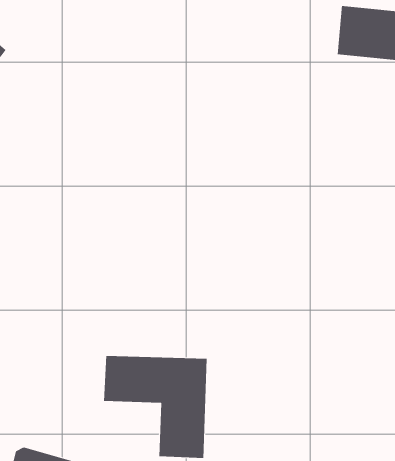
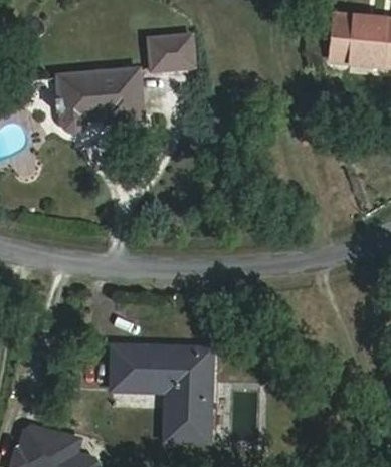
building: none -> [150,36,193,70]
building: none -> [59,69,142,132]

